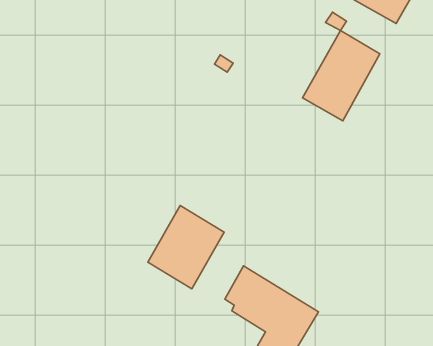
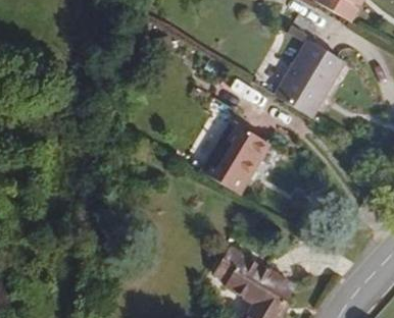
building: [148,205,224,289] -> [199,119,266,193]

